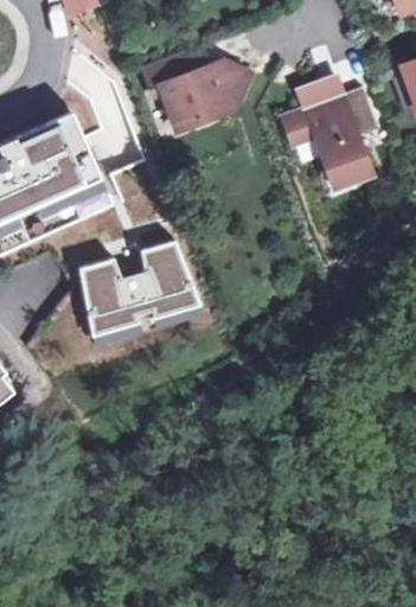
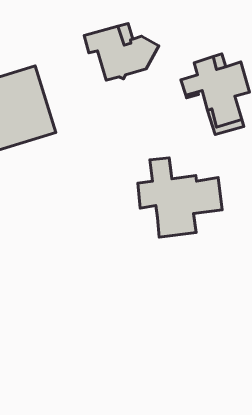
building: none -> [138,158,222,237]
building: [77,241,198,345] -> none

